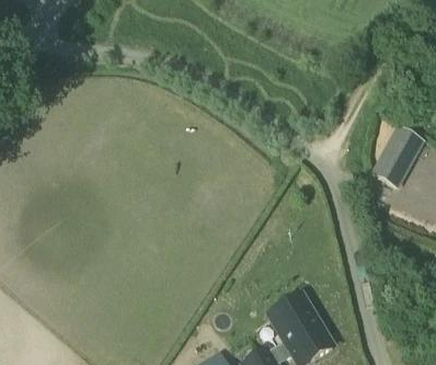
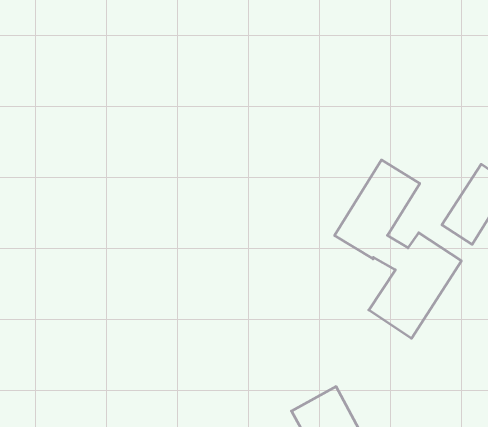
building: none -> [335,160,461,338]

